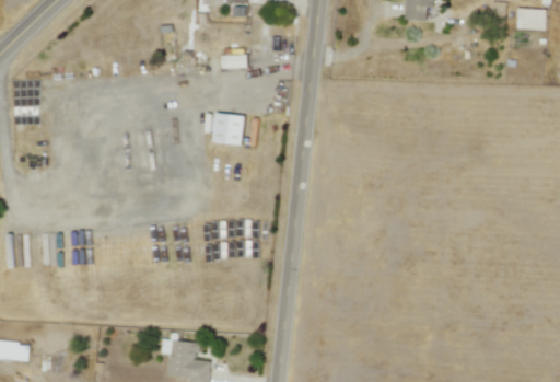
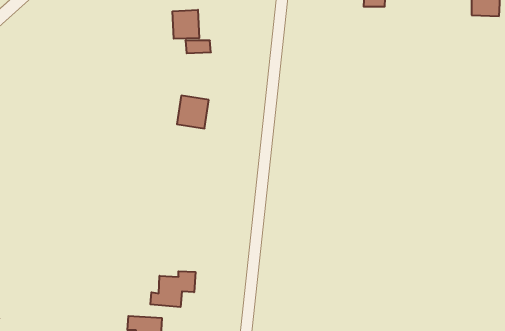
building: none -> [173,10,199,39]
building: none -> [150,271,195,307]

